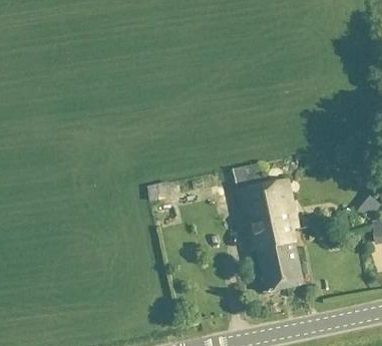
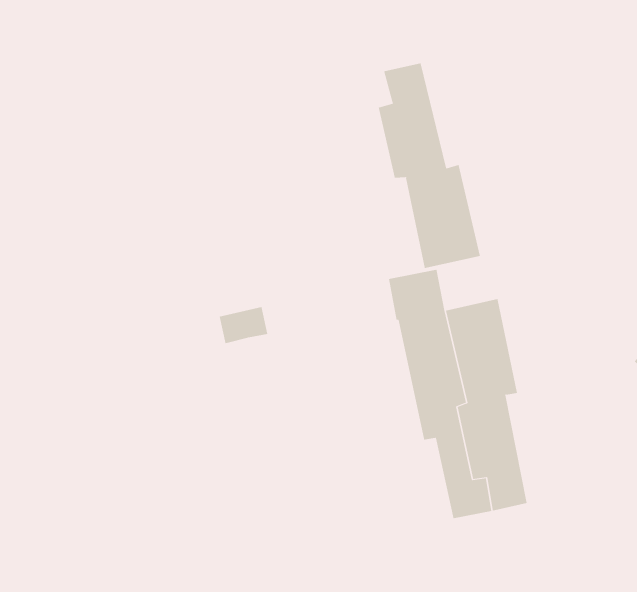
building: none -> [378,63,481,269]

